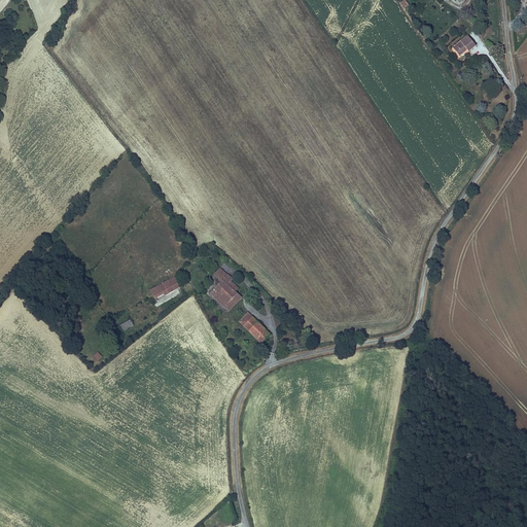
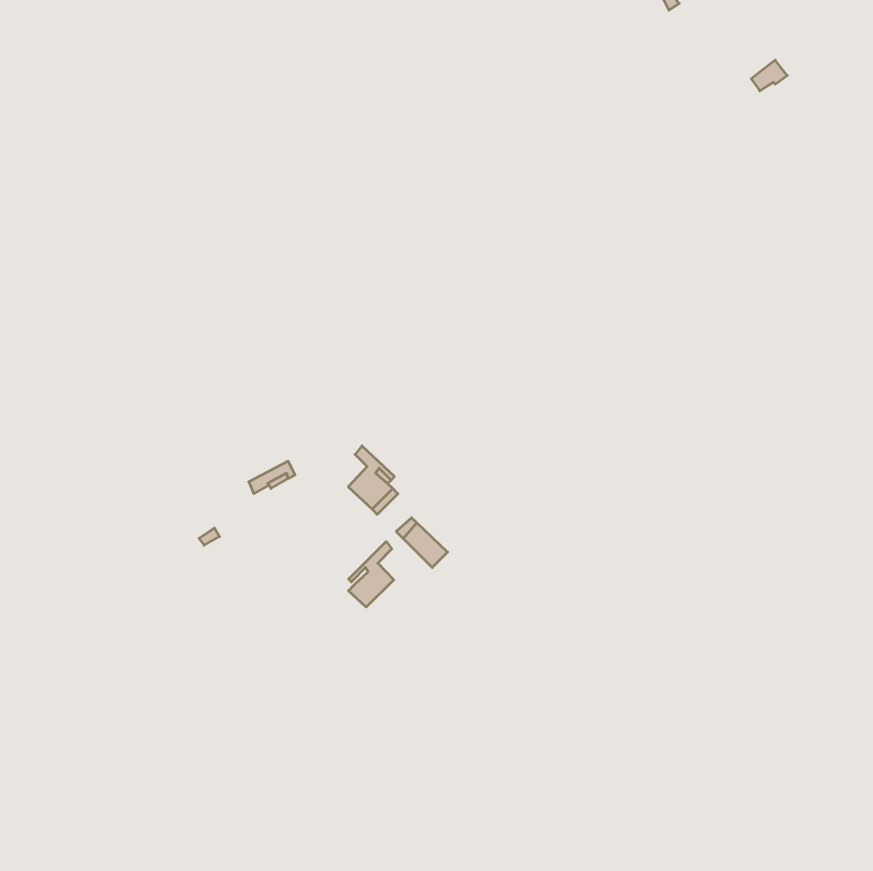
building: none -> [348,542,394,607]

